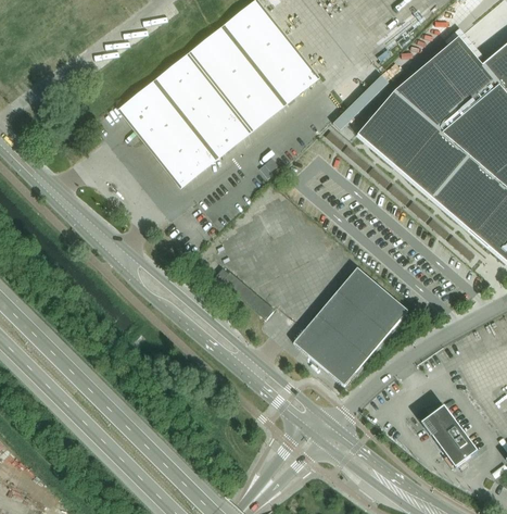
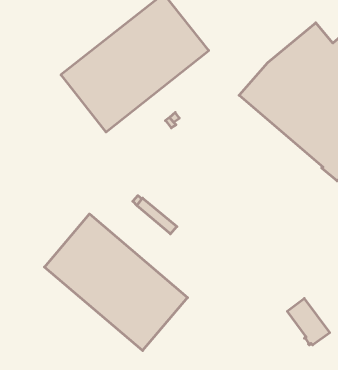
building: [293,267,408,386] -> none
building: none -> [44,214,188,351]

